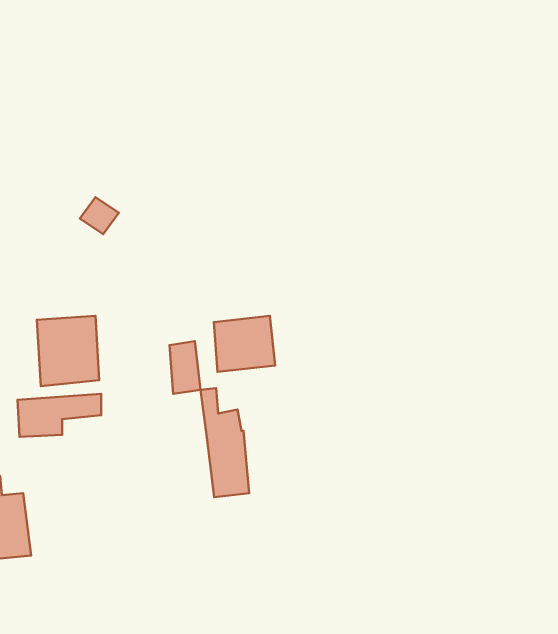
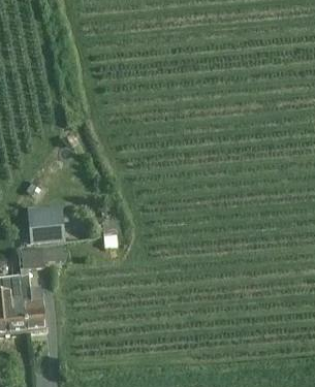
building: [214,316,275,372] -> none
building: [201,388,249,497] -> [19,272,44,330]

